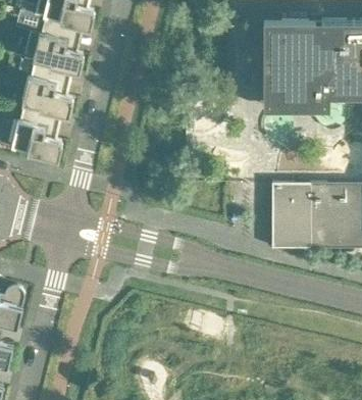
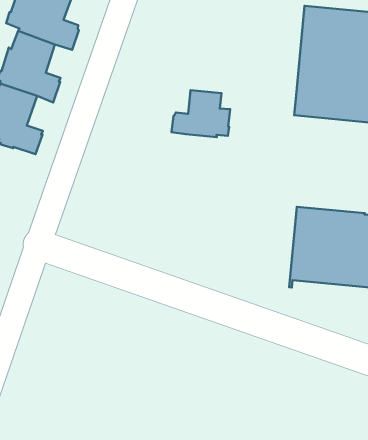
building: none -> [172,90,230,137]

